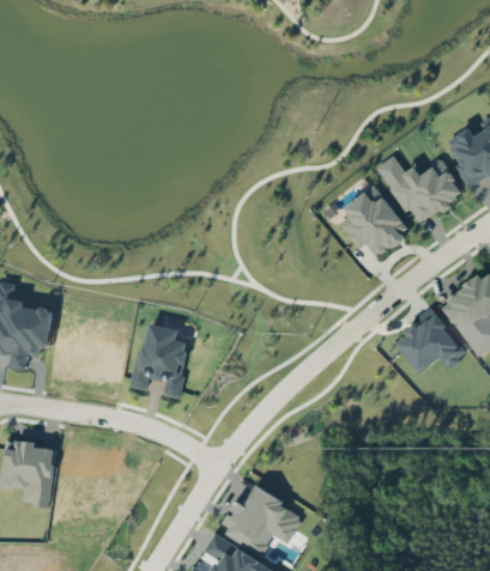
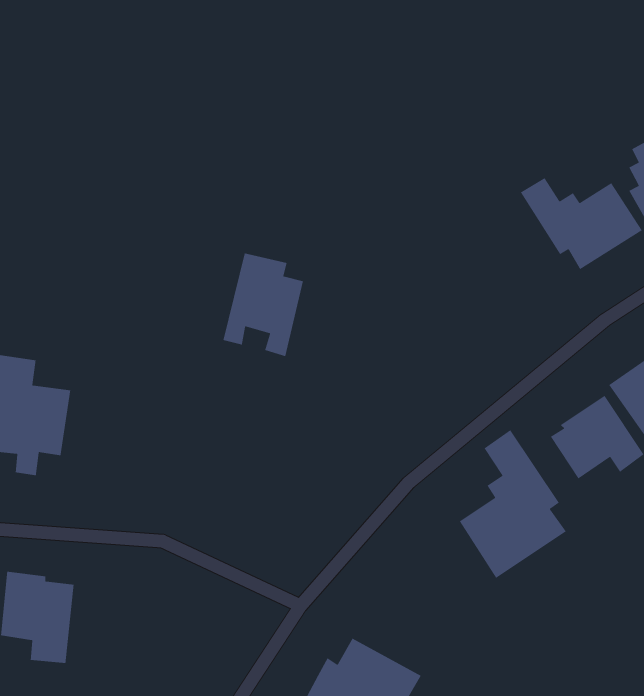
building: [339,184,411,257] -> none
building: [132,323,190,399] -> [223,253,304,357]
building: none -> [459,429,567,579]

